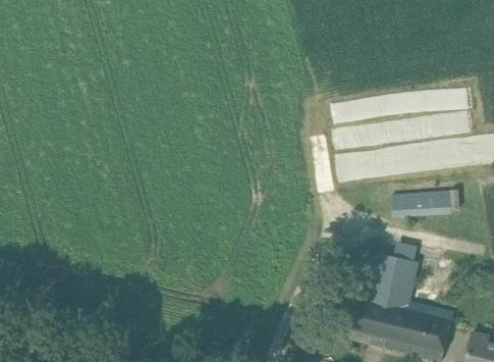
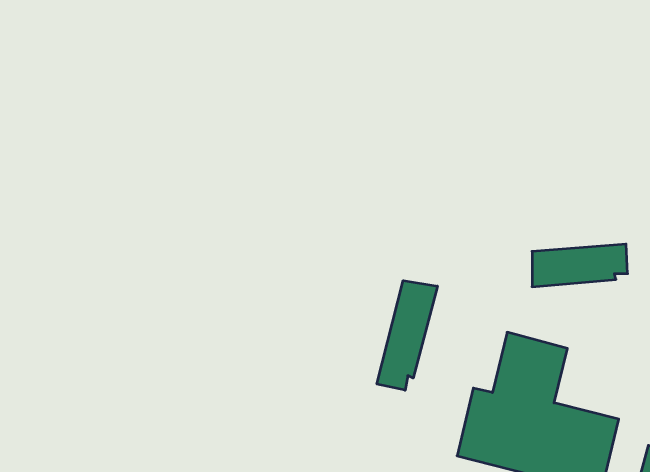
building: none -> [377,281,437,390]

